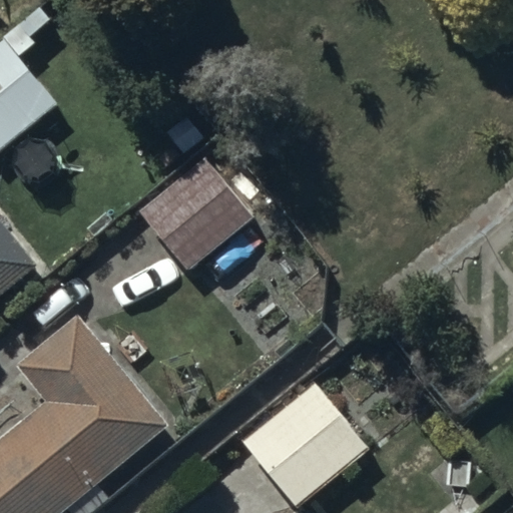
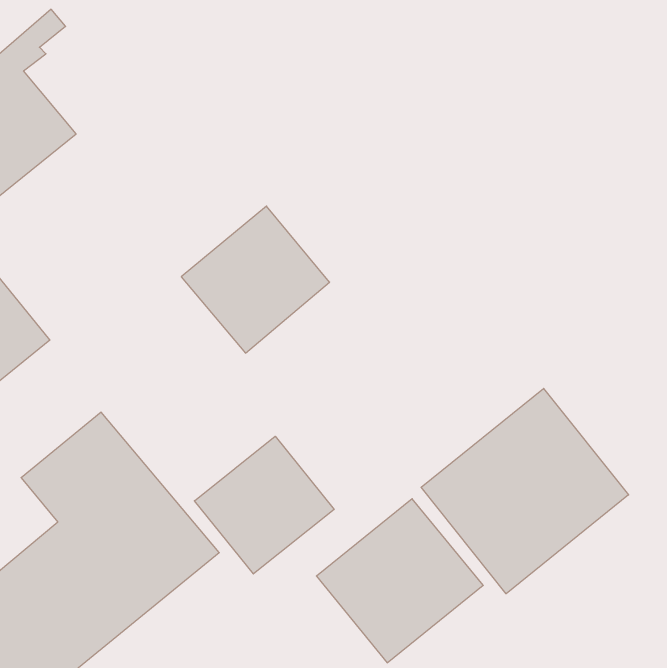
building: none -> [421,388,629,594]
building: none -> [194,436,334,574]

